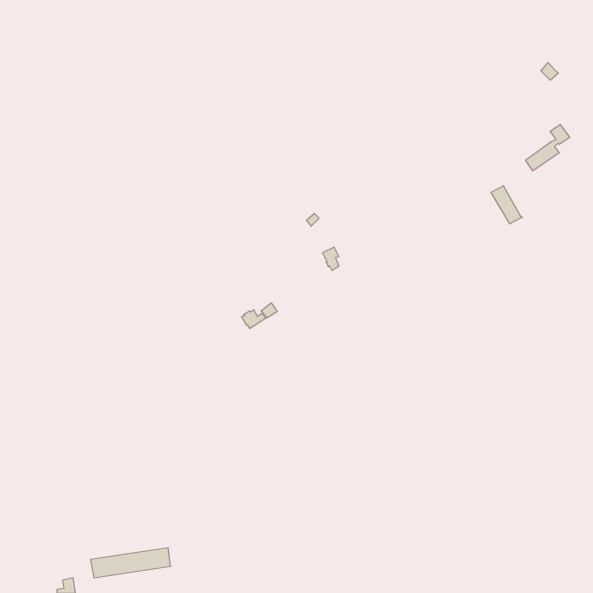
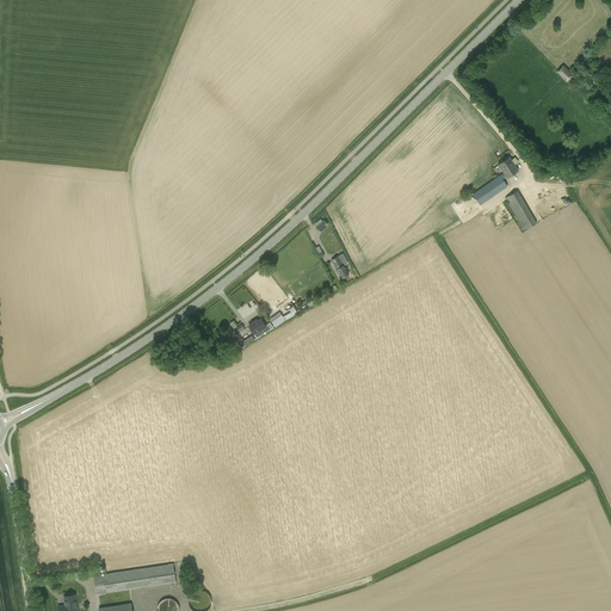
building: [526,124,570,171] -> [473,158,518,205]

